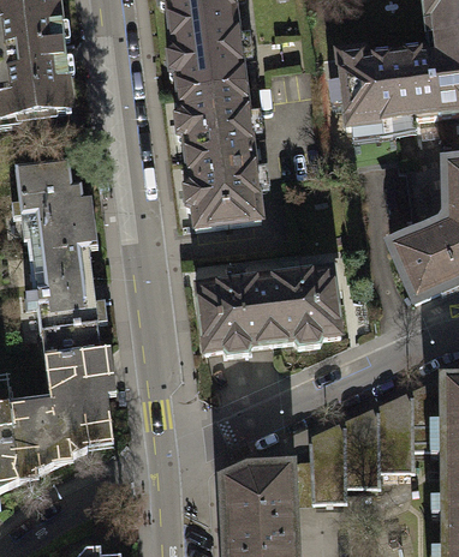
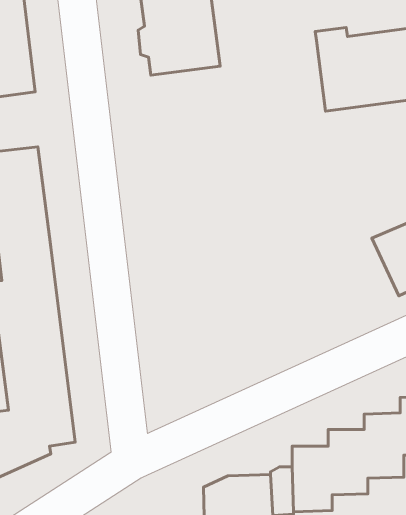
building: [177,83,262,226] -> none
building: [193,268,336,353] -> none

